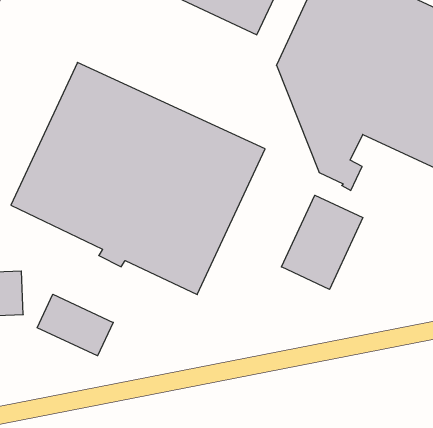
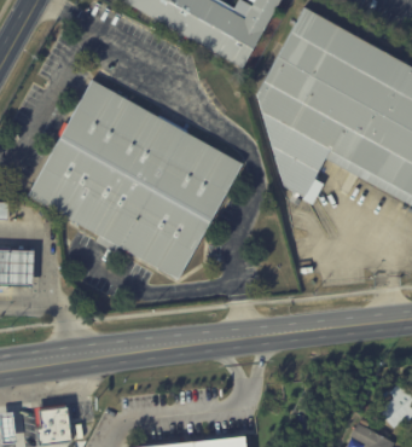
building: [281,195,363,289] -> none
building: [37,294,113,356] -> none

